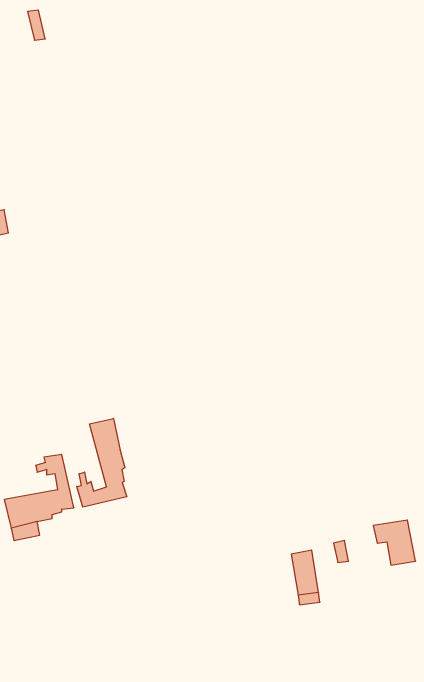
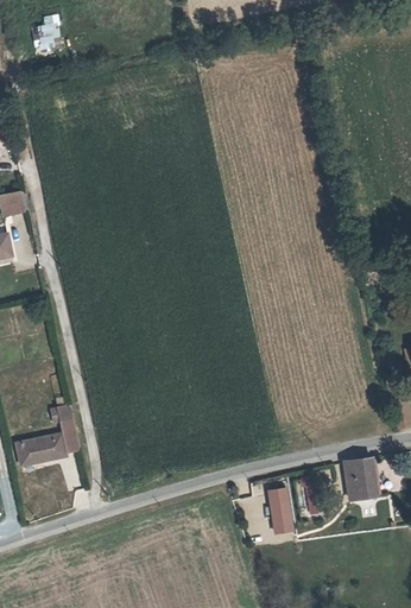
building: [77,418,127,507] -> none

